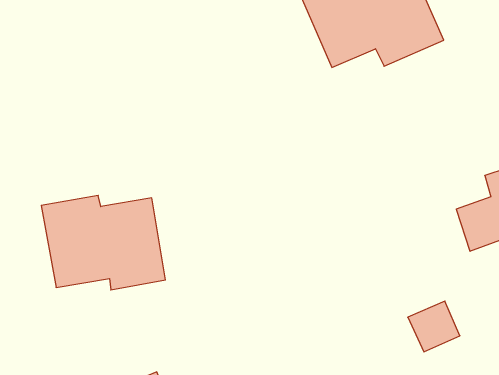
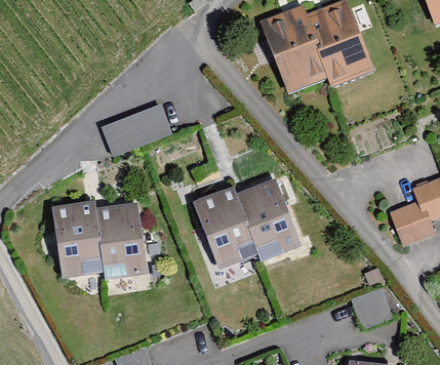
building: none -> [101,103,173,155]
building: none -> [193,179,306,273]

